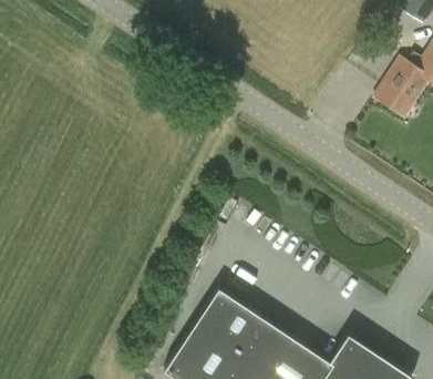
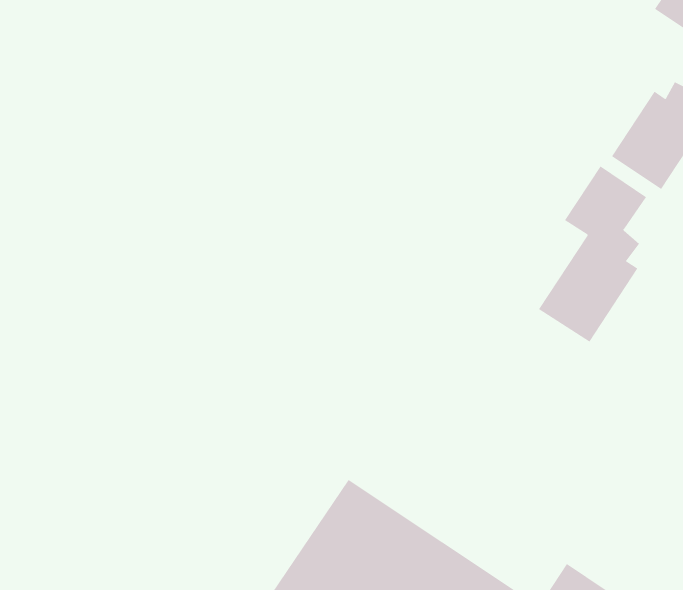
building: none -> [538,166,647,343]

